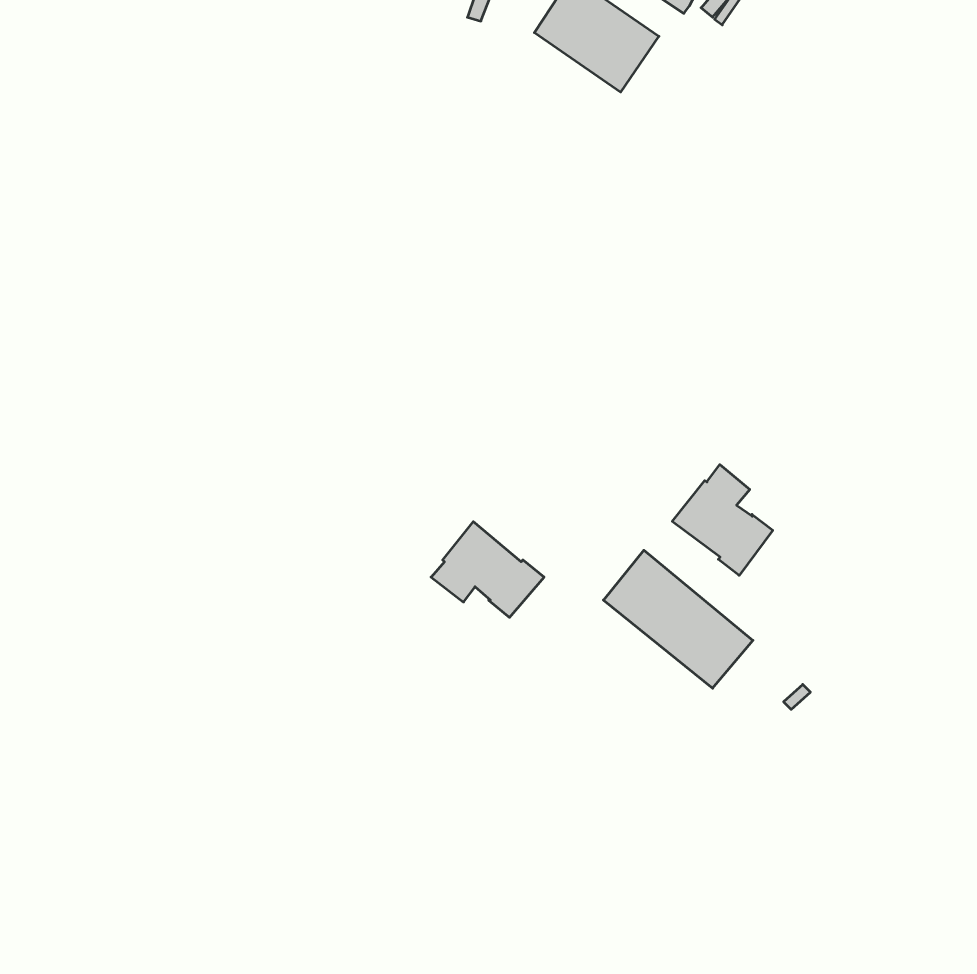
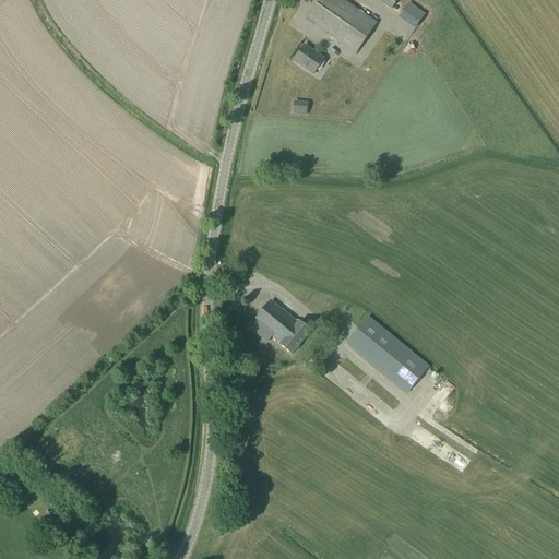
building: none -> [293,43,322,72]
building: [672,465,773,575] -> none

